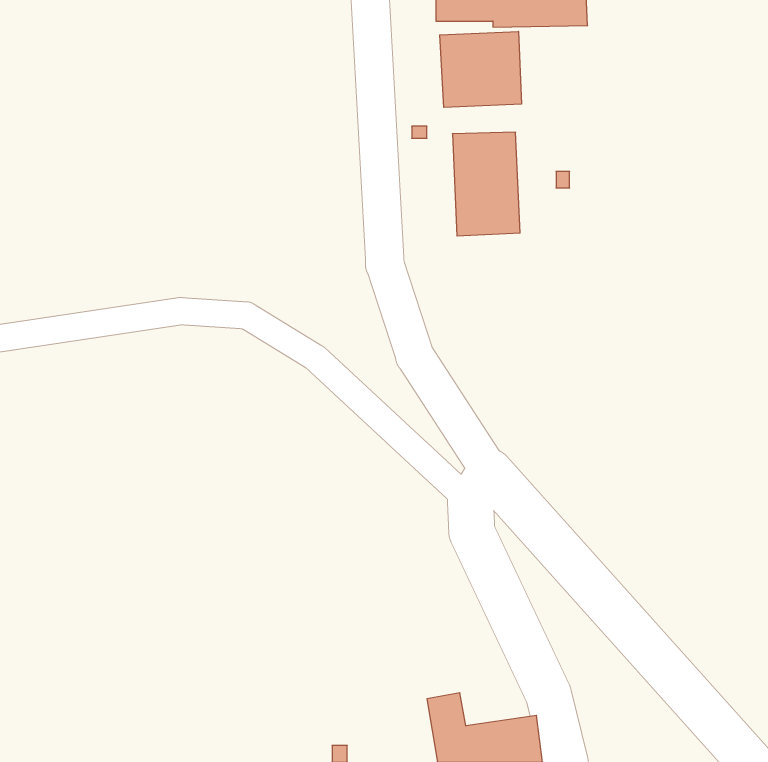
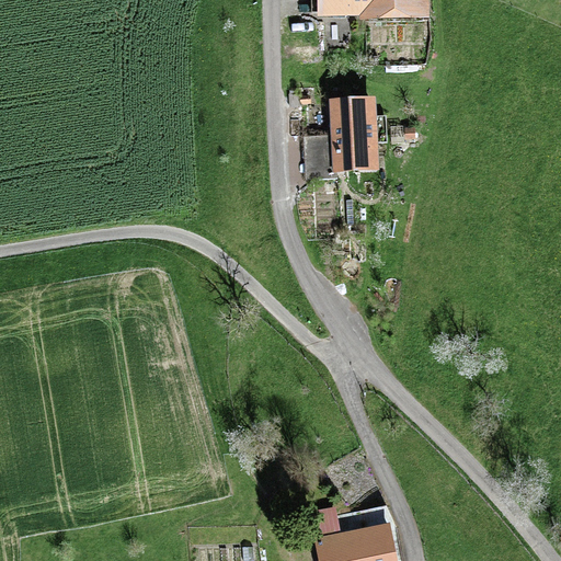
building: [440,31,521,107] -> none

